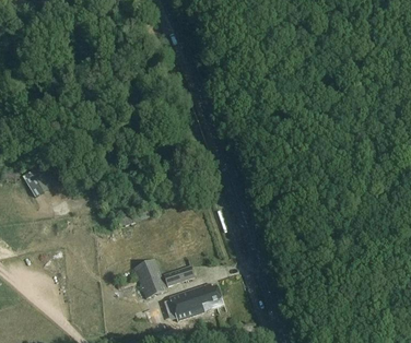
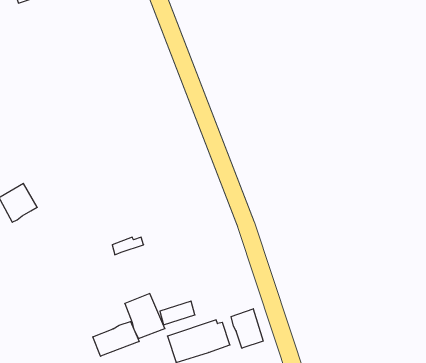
building: none -> [231,309,263,348]
building: none -> [93,322,139,356]

